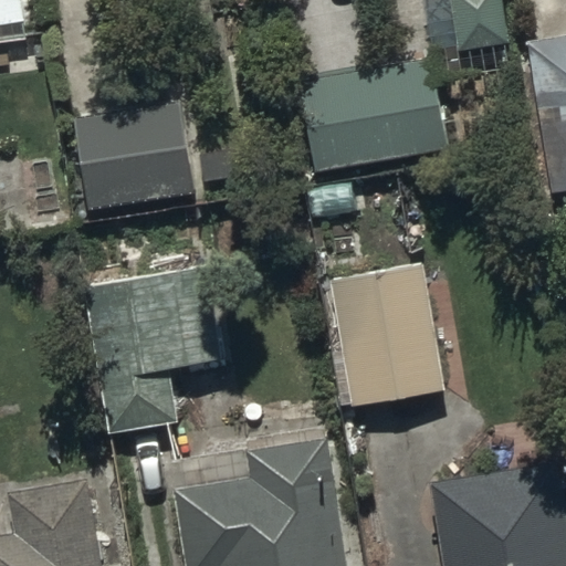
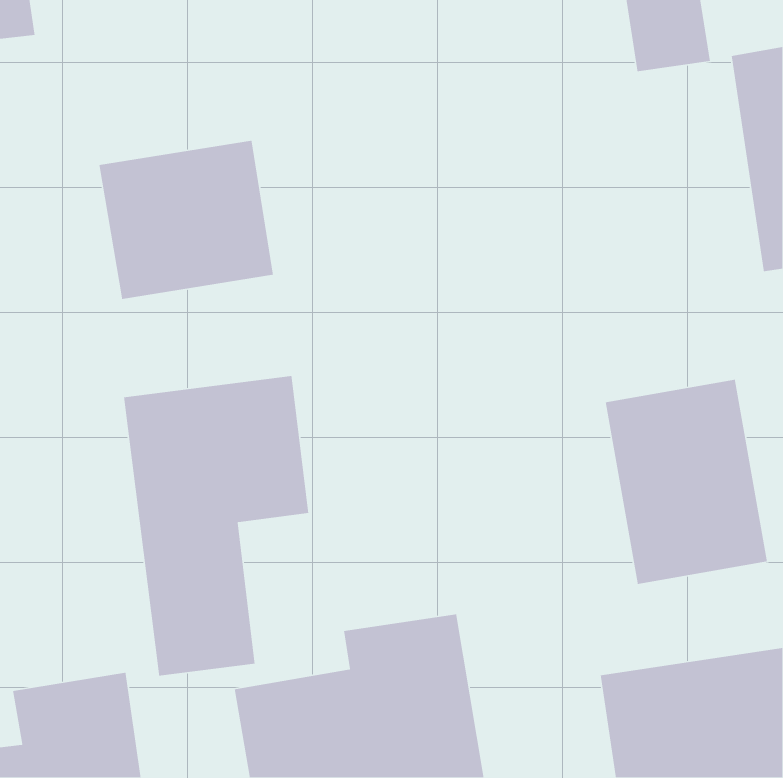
building: [293,54,450,179] -> none
building: [327,260,444,408] -> [605,379,768,585]

